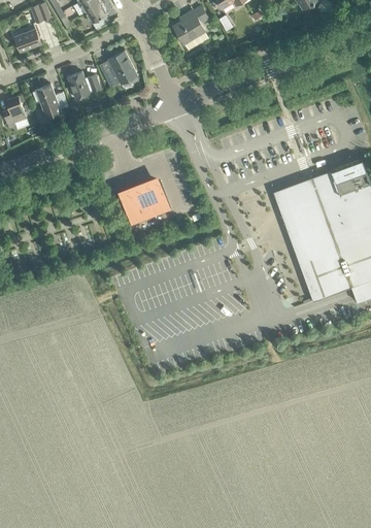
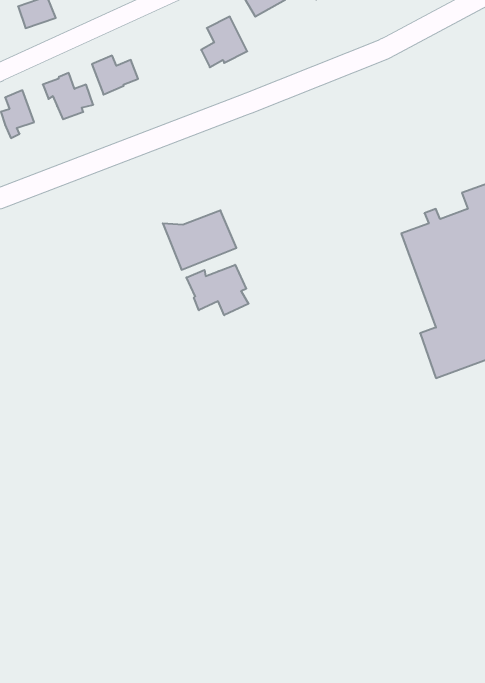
building: [103,51,136,87] -> [201,17,247,67]
building: [271,169,334,269] -> none
building: none -> [186,265,249,315]

